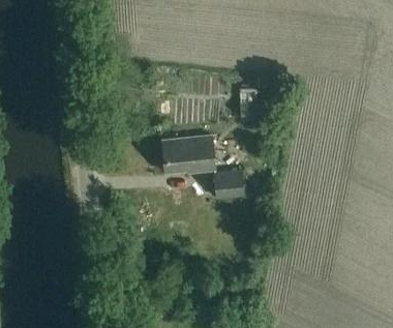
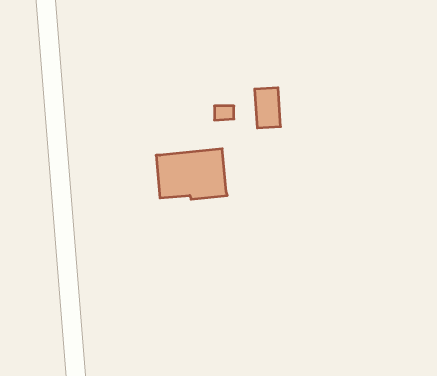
building: [213,171,244,197] -> none

